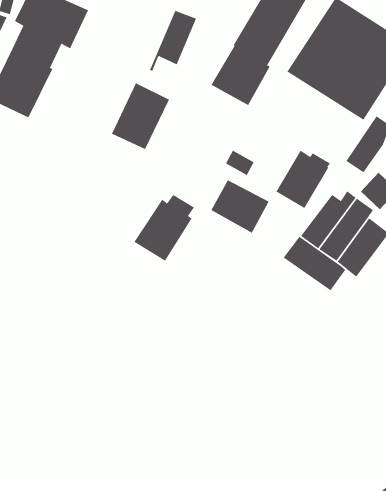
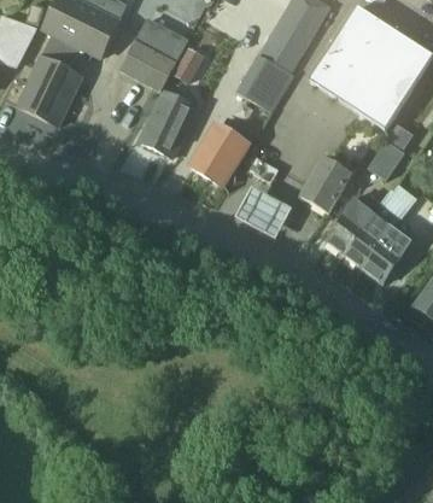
building: none -> [119,17,188,92]
building: [134,194,195,262] -> [189,121,250,187]
building: [283,236,346,291] -> none

